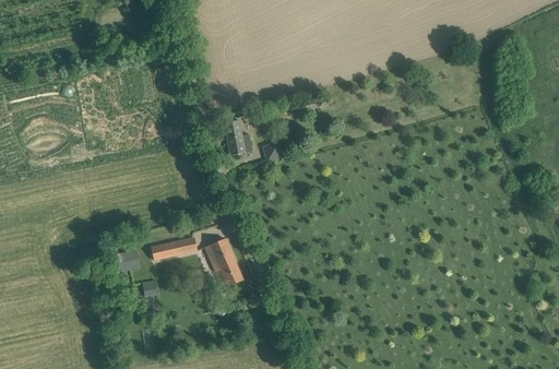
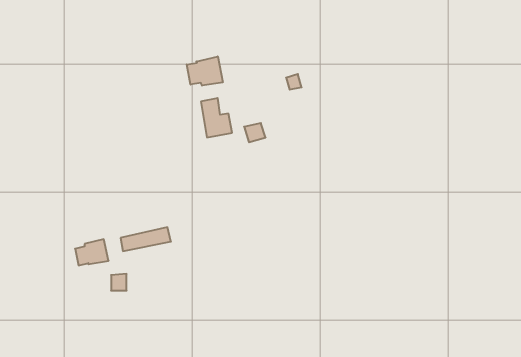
building: none -> [187,56,223,86]
building: [205,238,243,287] -> none

